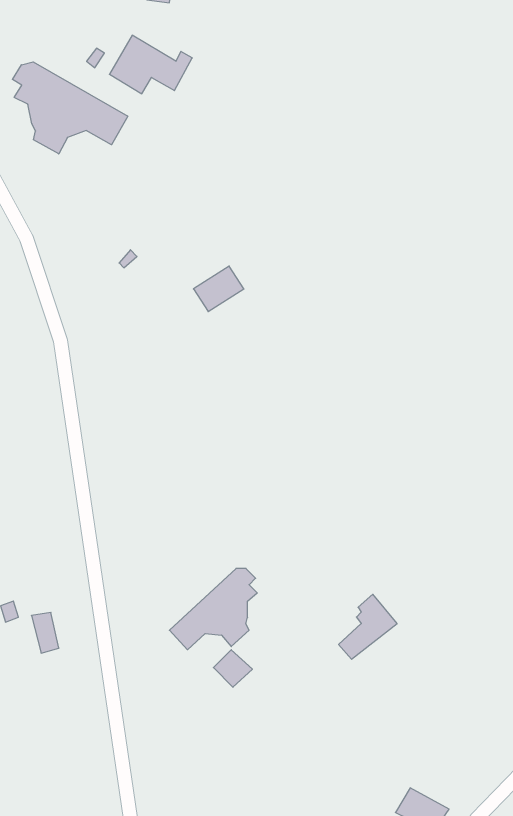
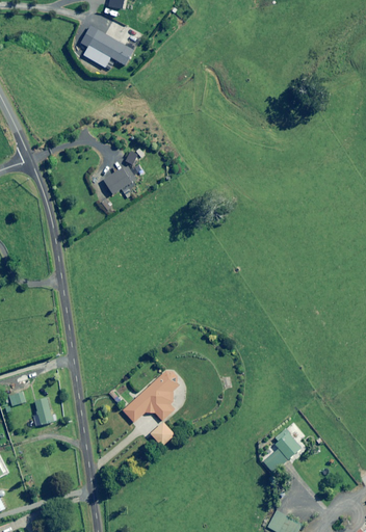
building: [12,62,128,154] -> none
building: [193,266,244,312] -> [103,164,135,193]
building: [339,594,397,659] -> [263,429,300,471]

